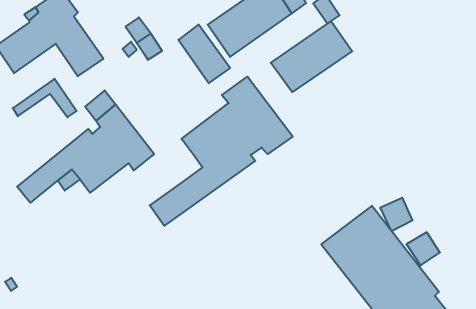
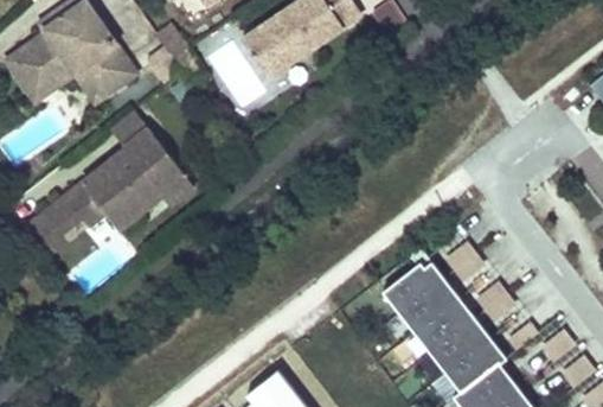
building: [271,21,352,92] -> none
building: [150,77,293,226] -> none
building: [13,79,77,117] -> [23,58,97,103]

